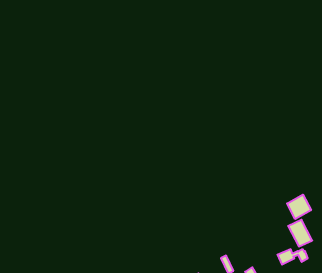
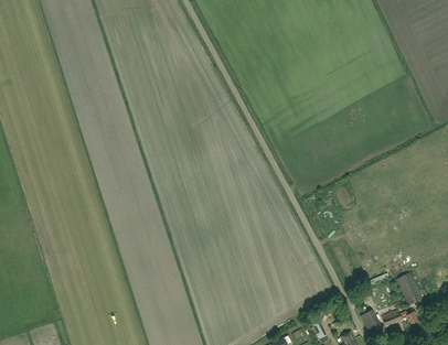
building: [287,195,311,219] -> none

